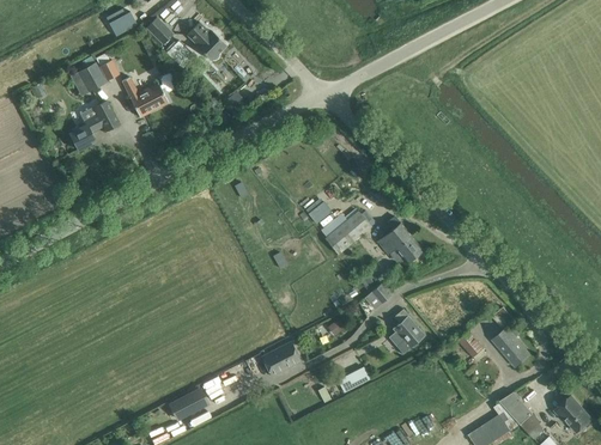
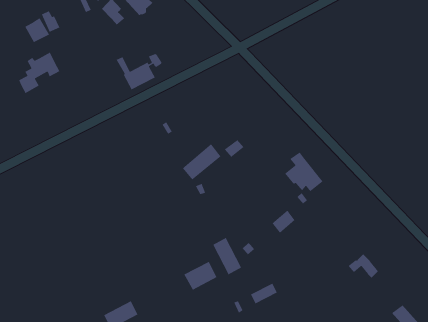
building: [121,73,175,116] -> [116,53,162,91]
building: [324,211,370,254] -> [182,143,221,181]
building: [490,306,529,367] -> none
building: [394,309,424,353] -> none
building: none -> [212,237,242,275]

